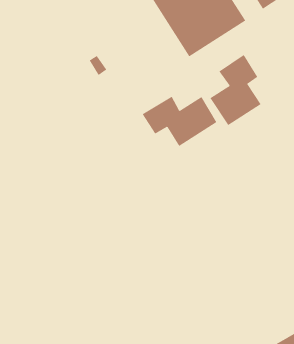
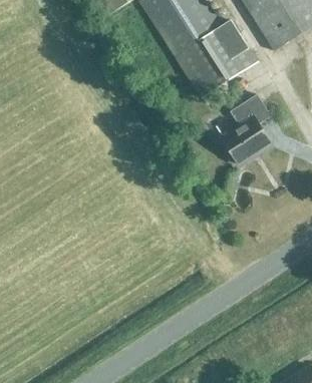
building: [142,96,217,147] -> none

